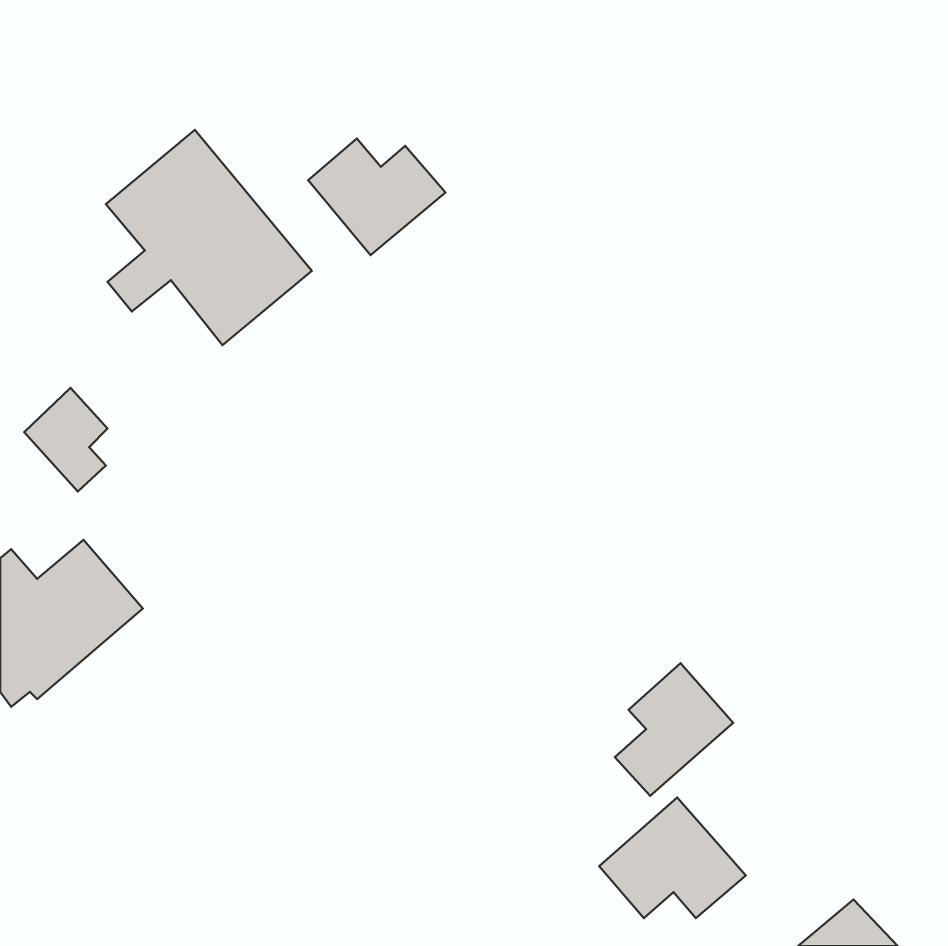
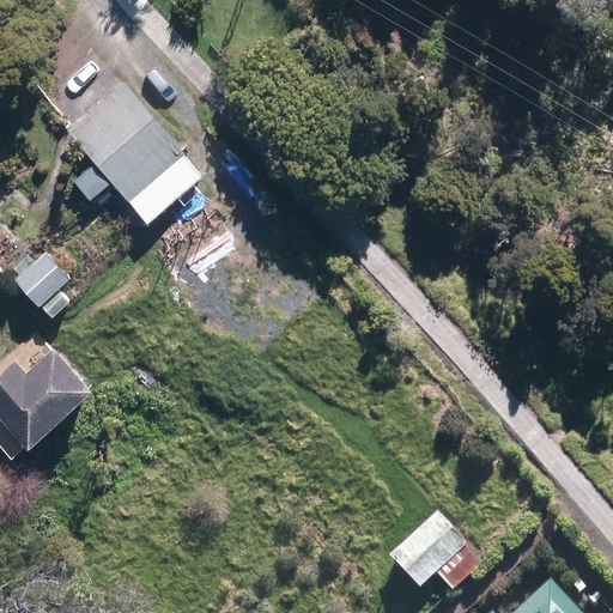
building: [308,138,446,255] -> none
building: [615,663,733,796] -> none

